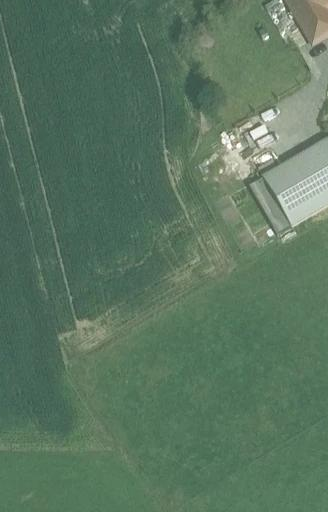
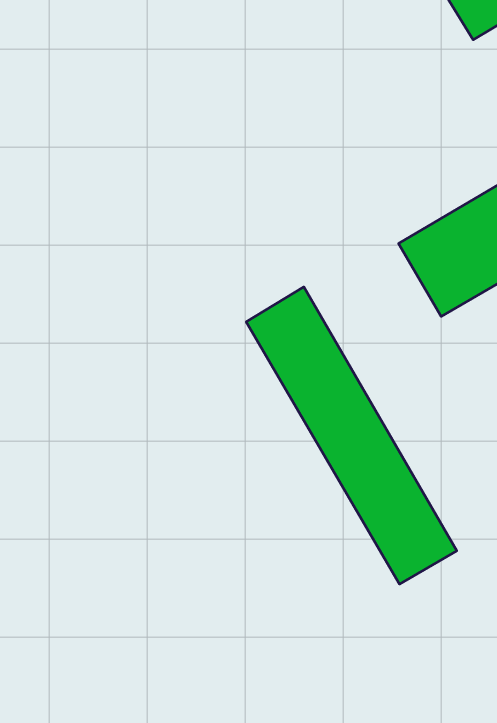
building: none -> [246,287,457,584]

